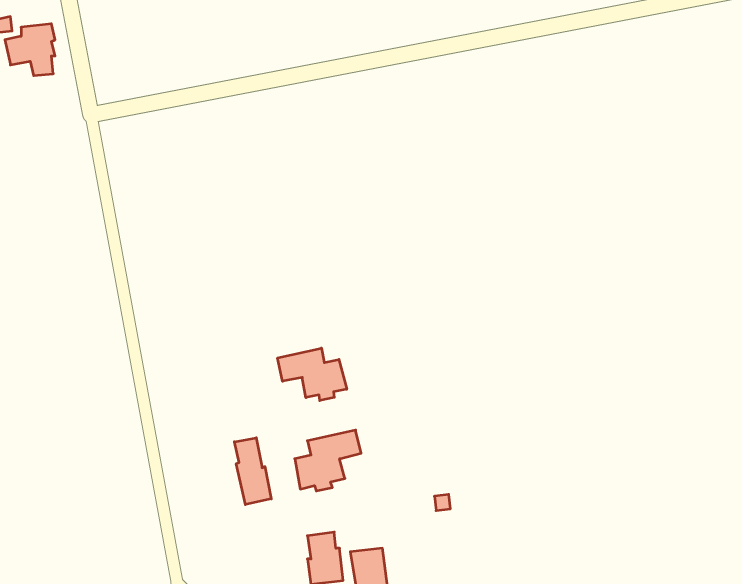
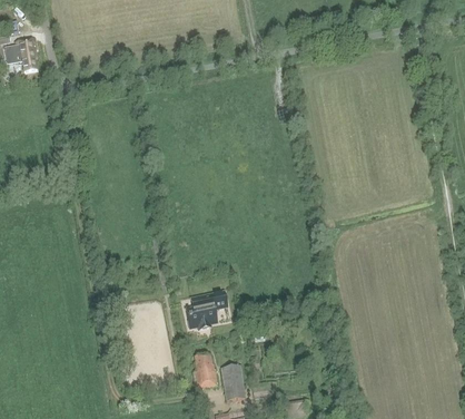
building: [278,348,347,401] -> none
building: [234,438,271,505] -> none

